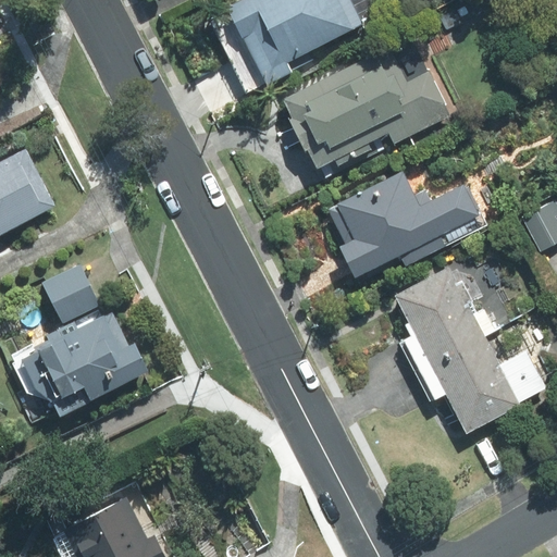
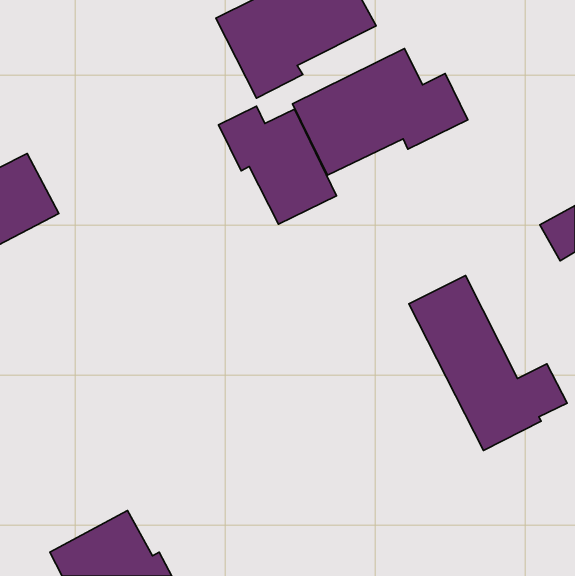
building: none -> [219,106,337,224]
building: [327,171,473,277] -> none
building: [22,263,149,416] -> none

